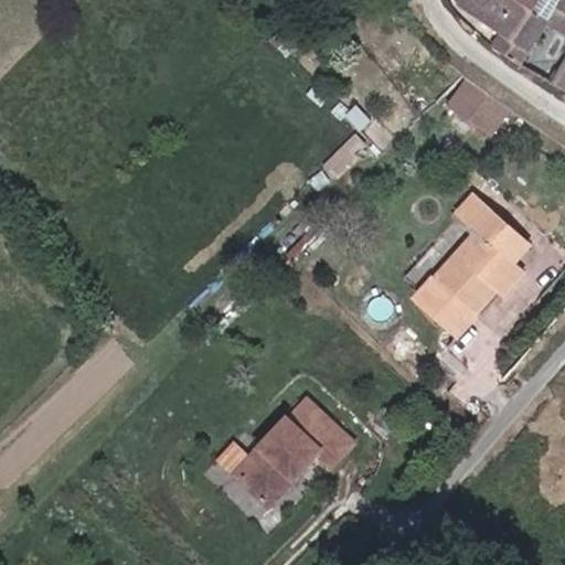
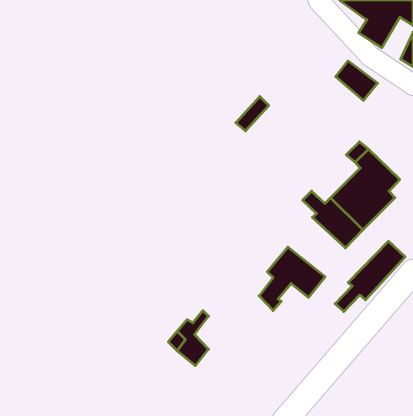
building: none -> [335,241,405,312]
building: [260,390,349,475] -> [259,247,325,311]

